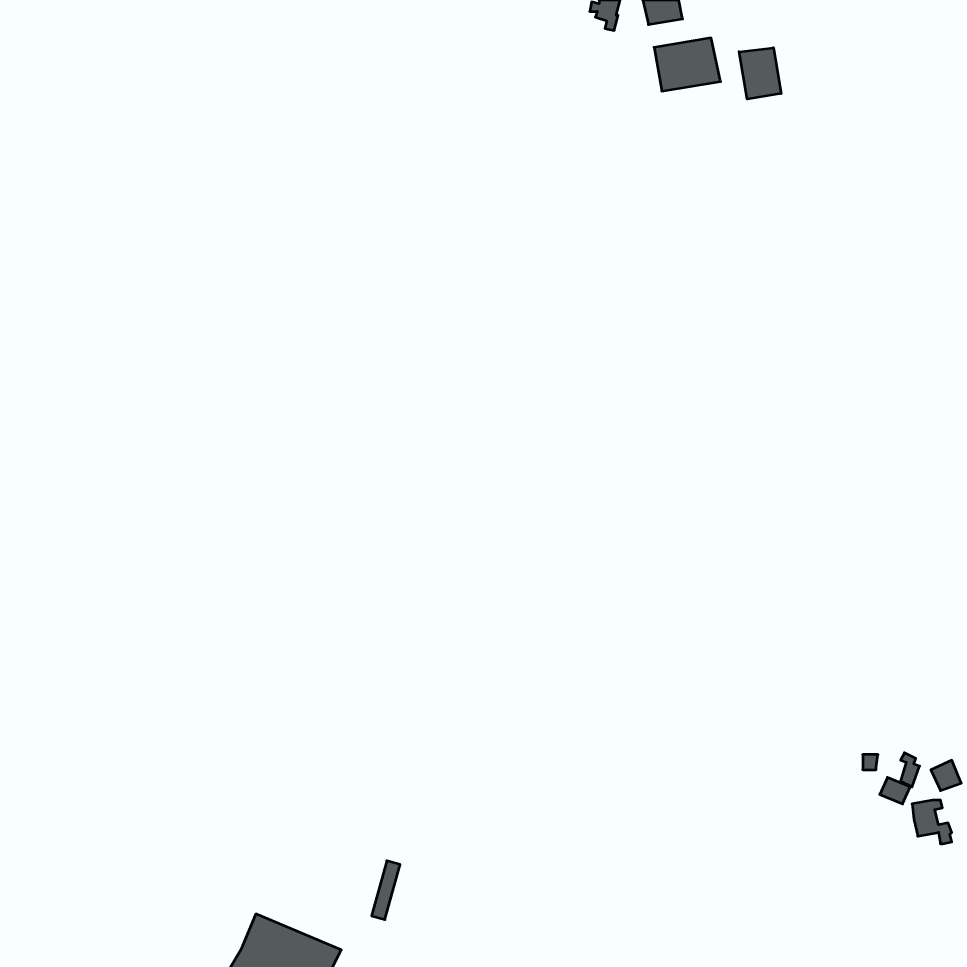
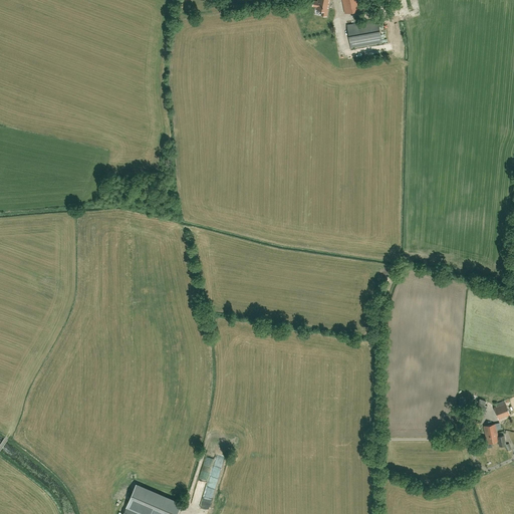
building: [739,48,781,99] -> none

